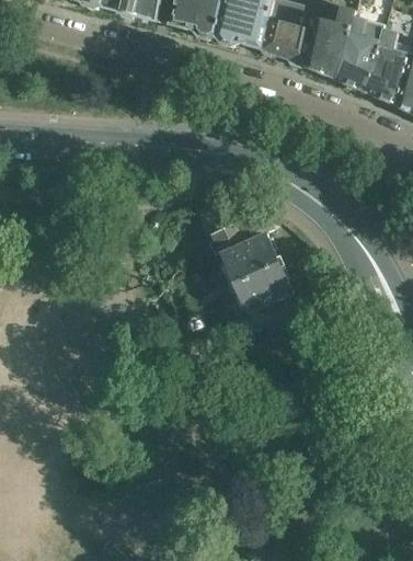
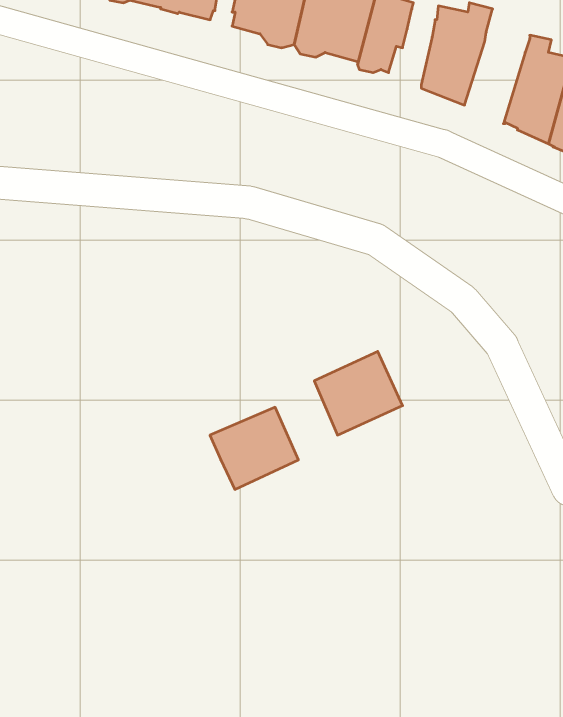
building: [283,10,317,66] -> none
building: [336,15,382,91] -> none
building: [213,215,275,273] -> [210,407,298,489]

